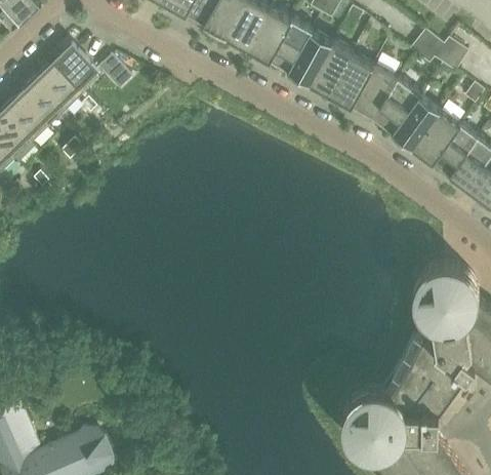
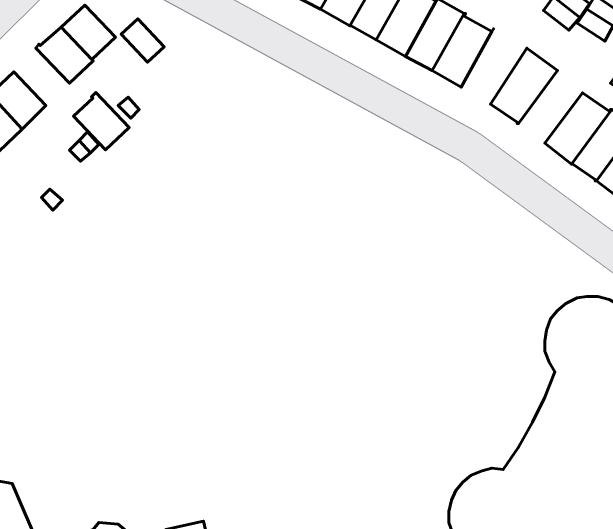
building: [350,64,398,119] -> none
building: [21,78,62,120] -> [73,93,129,150]
building: [392,94,439,148] -> none

